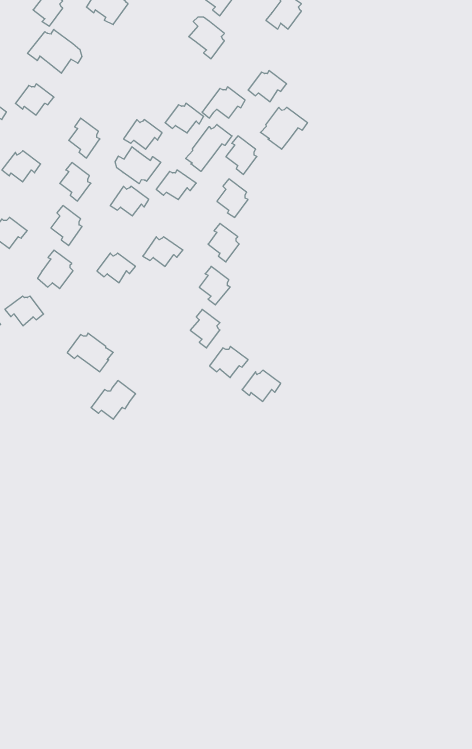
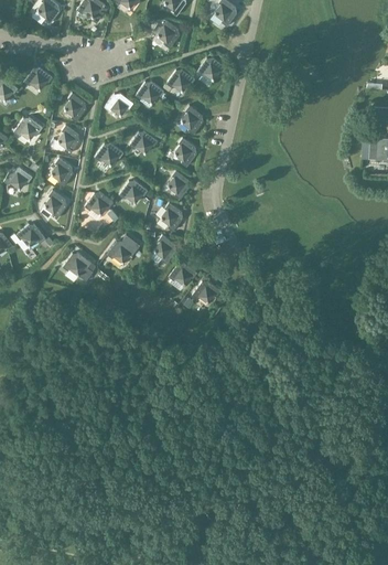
building: [28,29,82,73] -> none
building: [260,107,307,149] -> none
building: [186,124,232,171] -> none
building: [115,147,161,184] -> none
building: [91,381,136,419] -> [107,235,140,264]

